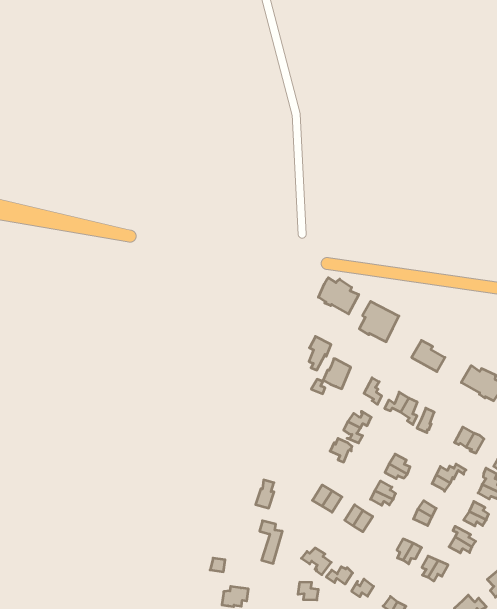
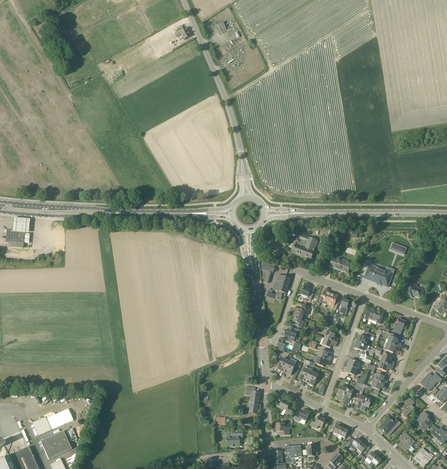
building: [318,278,359,314] -> none

